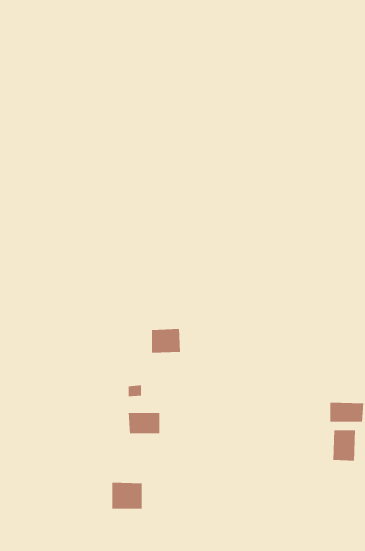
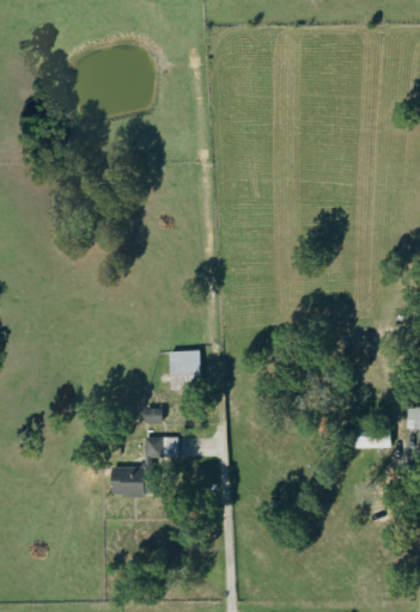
building: [333,430,356,461] -> none
building: [111,482,143,509] -> [110,467,142,496]

